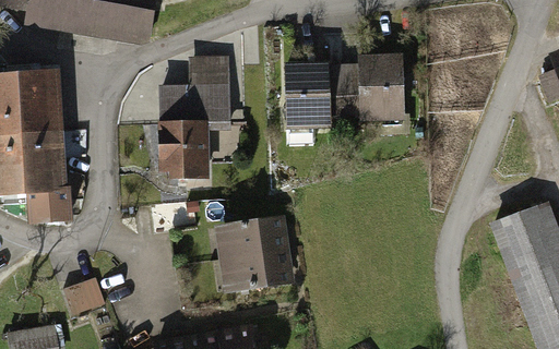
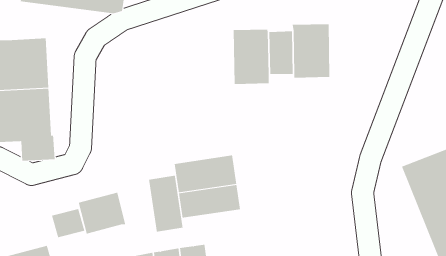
building: [156,56,227,177] -> none
building: none -> [148,175,183,232]
building: none -> [78,192,126,234]

